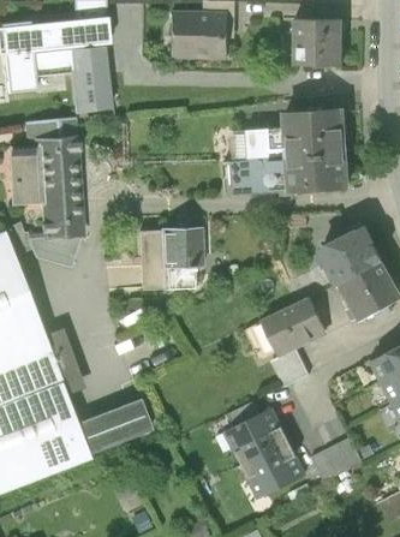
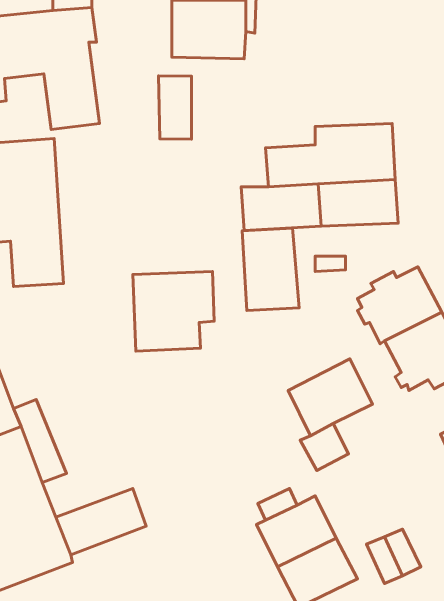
building: [292,18,341,66] -> none
building: none -> [159,76,191,139]
building: none -> [242,228,299,310]

